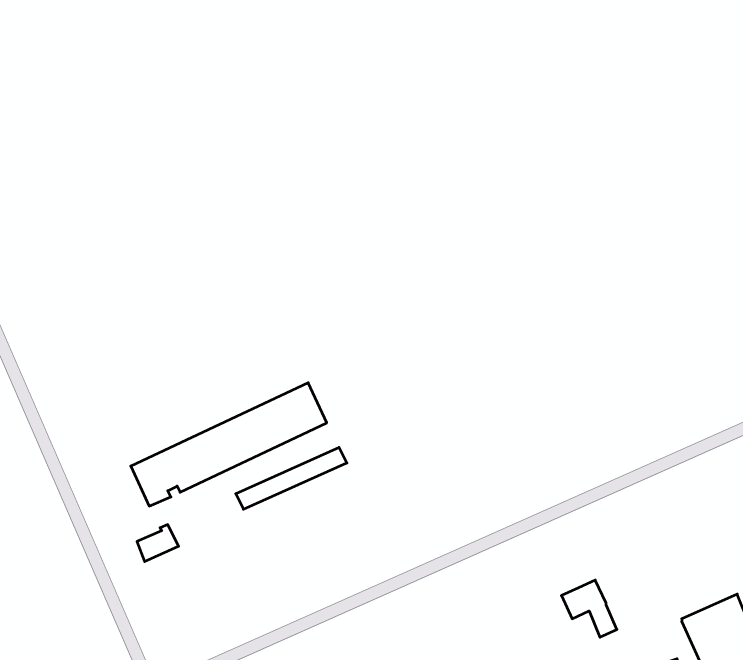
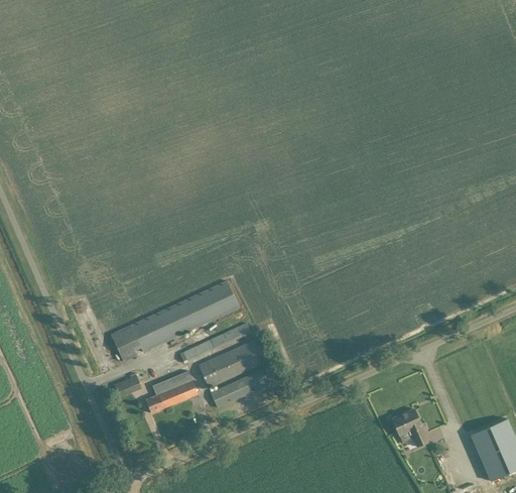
building: none -> [199,340,264,387]
building: none -> [211,371,265,407]
building: none -> [146,372,198,413]

